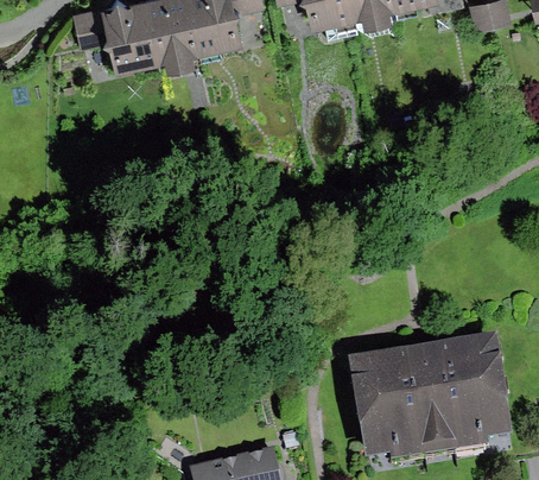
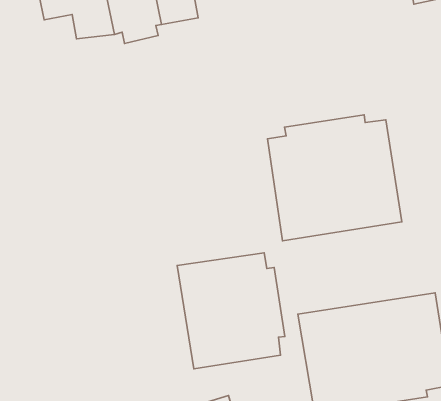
building: none -> [268,115,402,241]
building: none -> [177,253,285,369]

